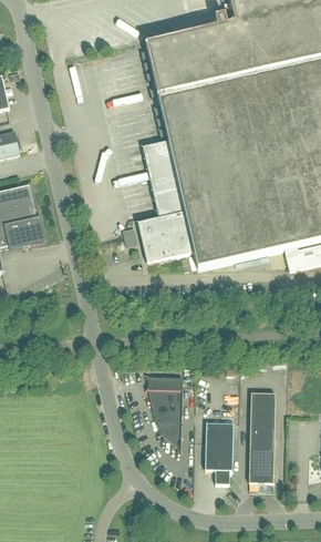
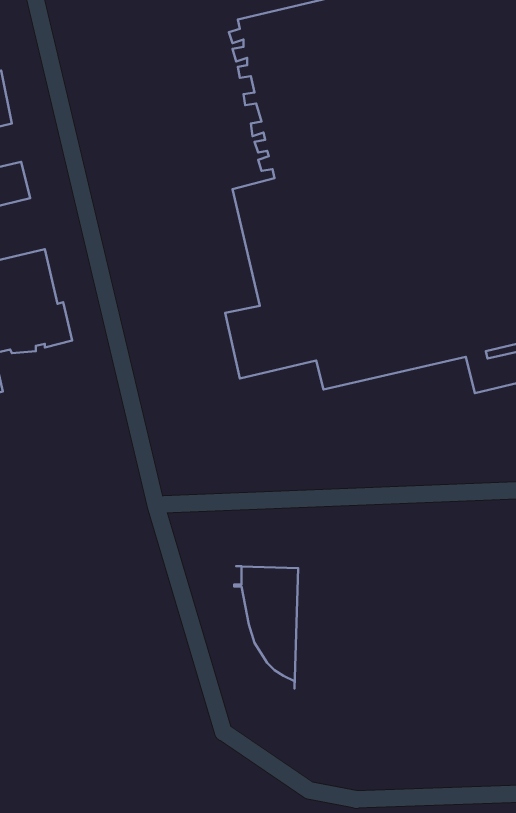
building: [248,391,275,482] -> none
building: [204,421,232,483] -> none

